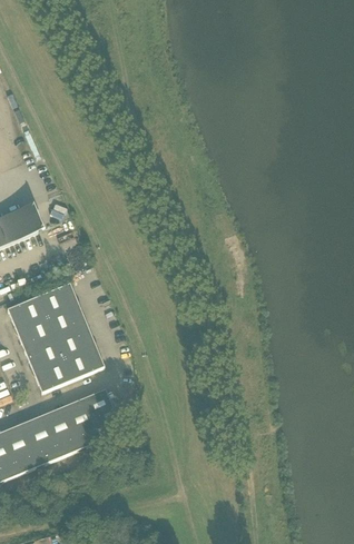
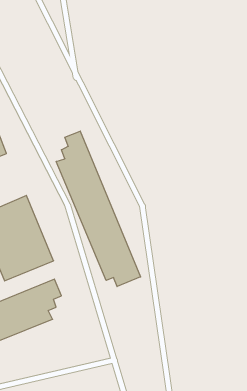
building: none -> [56,131,141,287]

